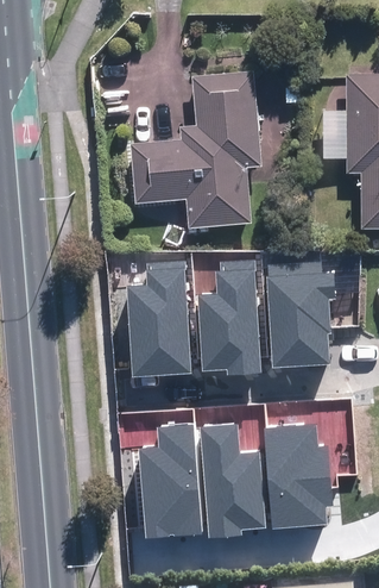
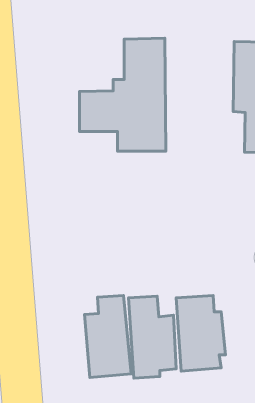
building: [128,259,192,374] -> none
building: [198,269,264,375] -> none
building: [269,271,336,367] -> none

